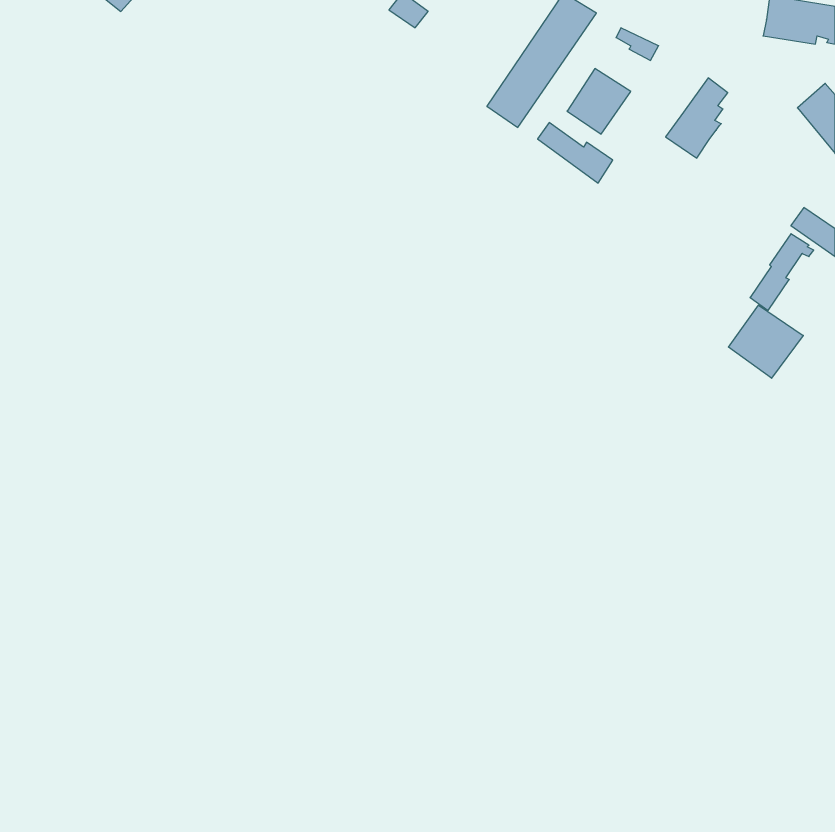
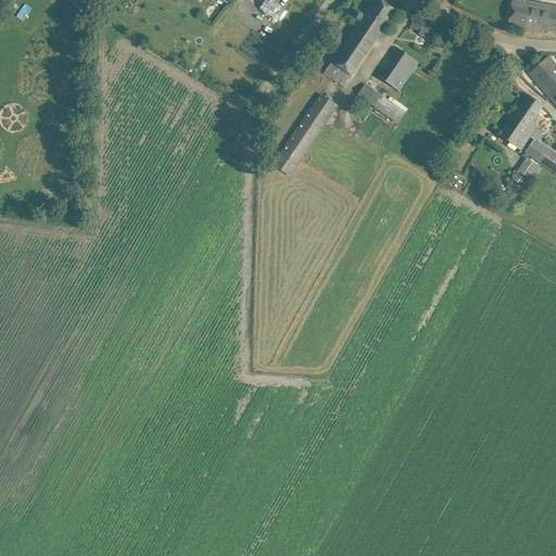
building: [666,78,728,158] -> [500,93,541,147]
building: none -> [271,91,338,175]
building: [728,305,803,378] -> none

